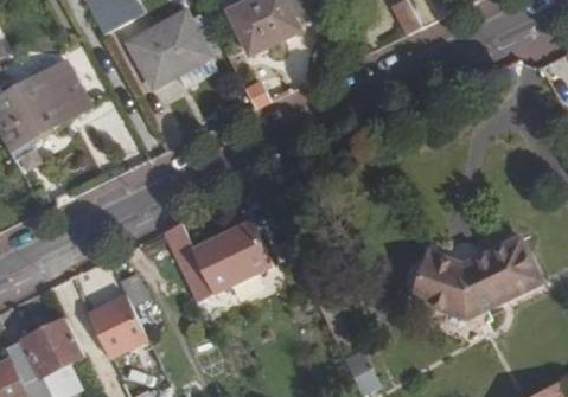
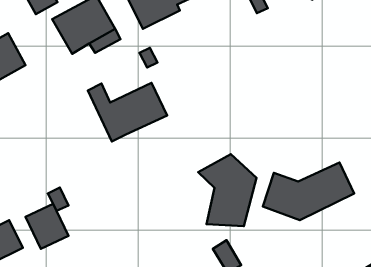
building: [161,222,270,302] -> [88,83,167,141]
building: none -> [198,154,256,226]

